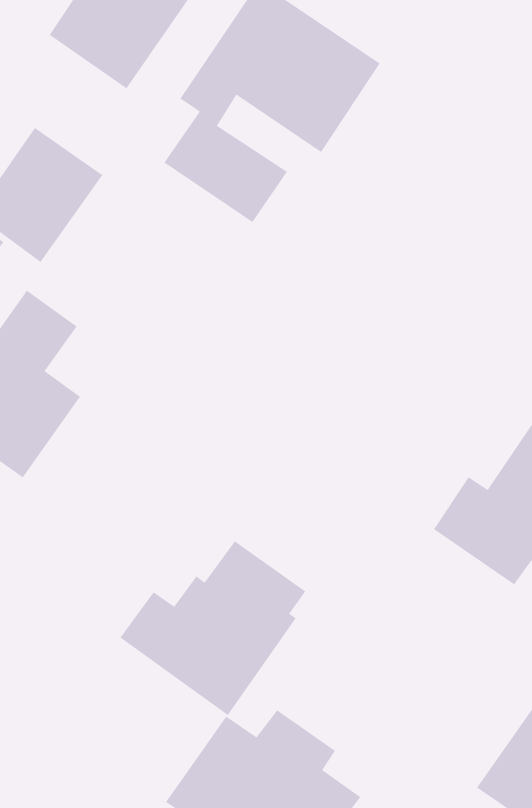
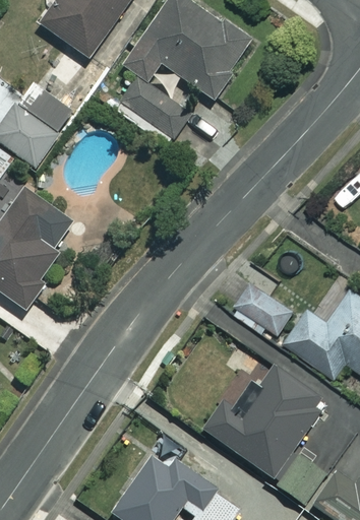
building: none -> [233,282,293,340]
building: [120,540,306,716] -> [201,368,320,479]

